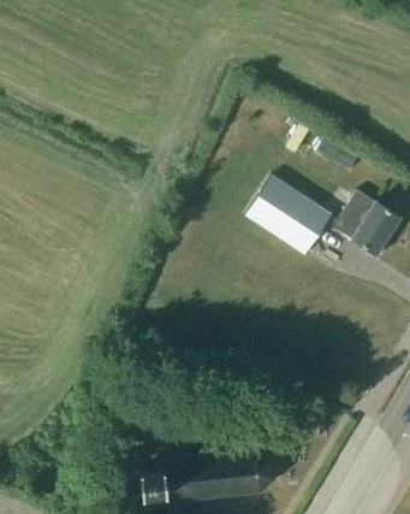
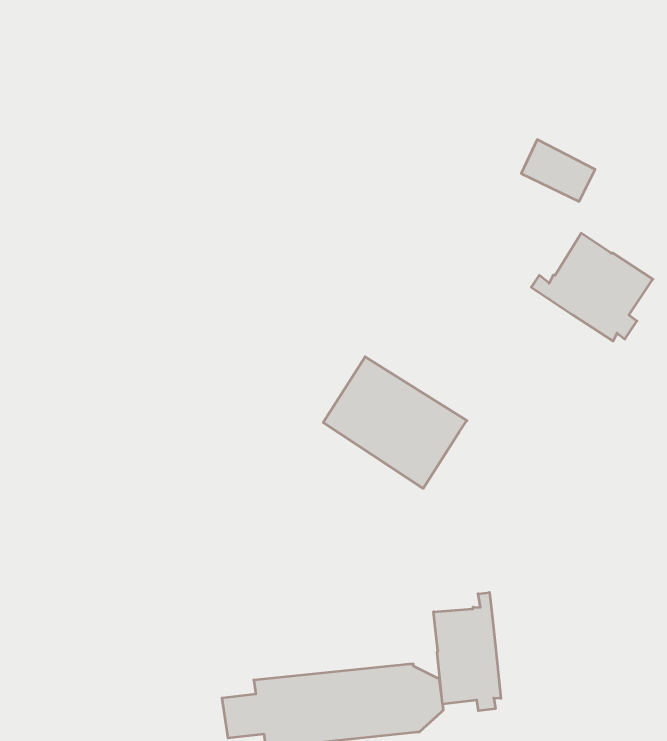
building: [245,177,332,256] -> [323,357,467,488]
building: none -> [434,592,501,711]

